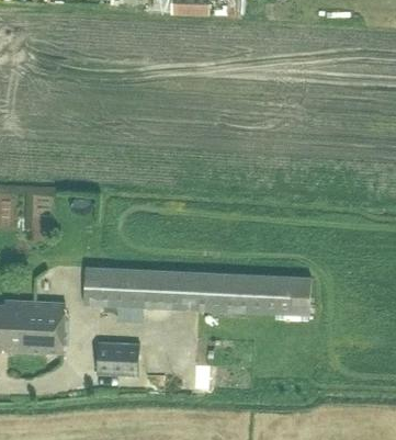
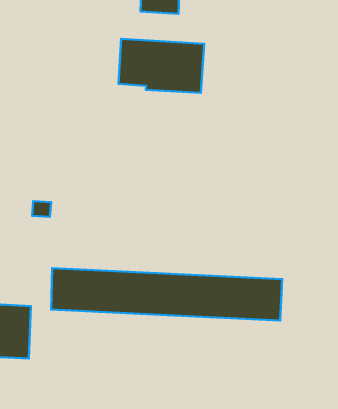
building: none -> [118,39,204,93]
building: [95,345,140,379] -> none

